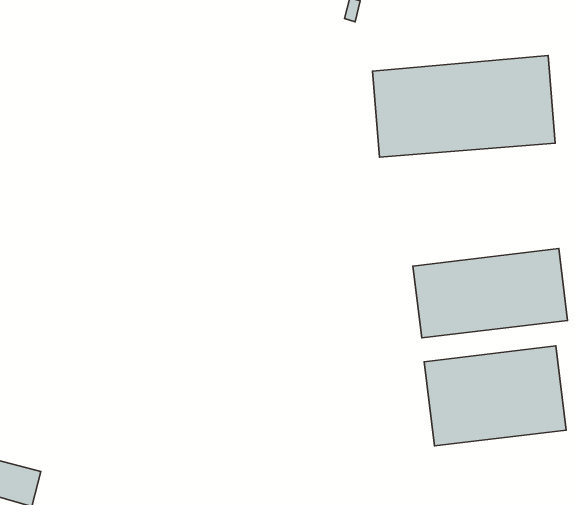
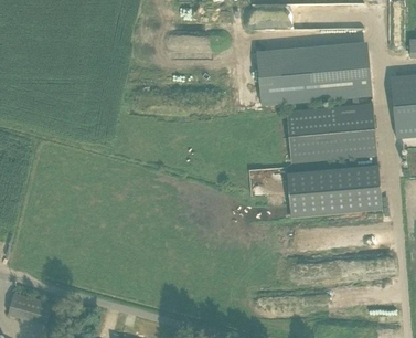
building: [424,346,566,446] -> [285,102,374,165]

